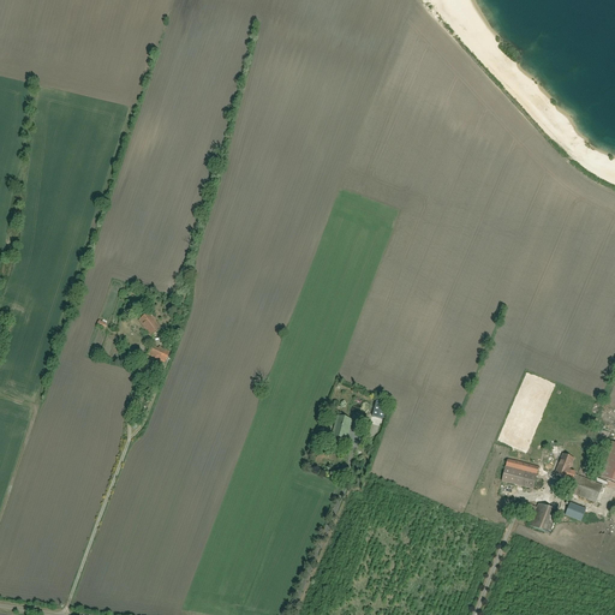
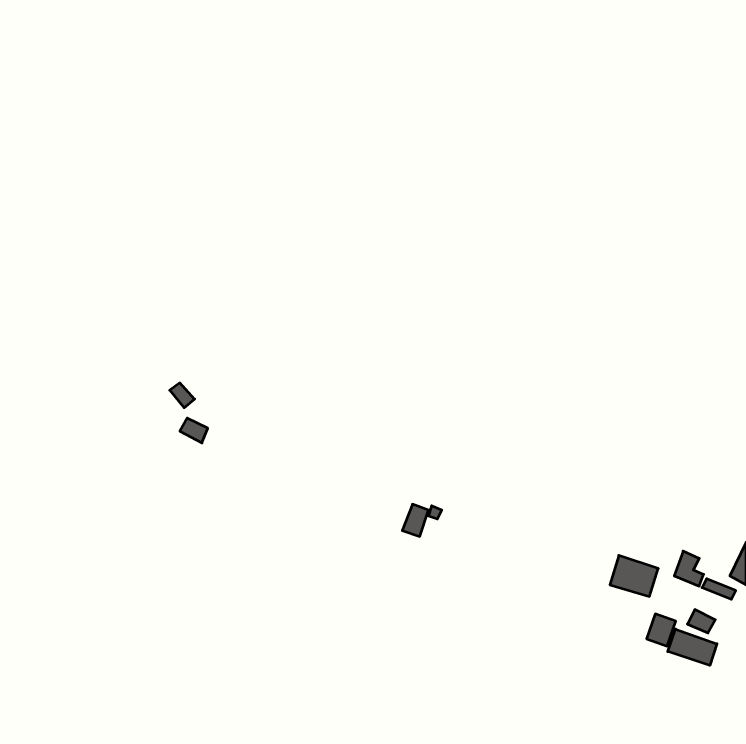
building: none -> [668,629,717,665]

